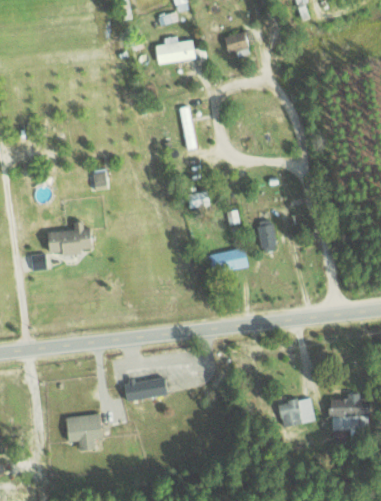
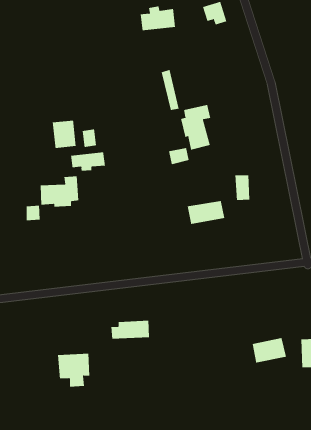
building: none -> [181,104,211,150]
building: none -> [52,120,76,149]
building: none -> [71,152,105,172]

